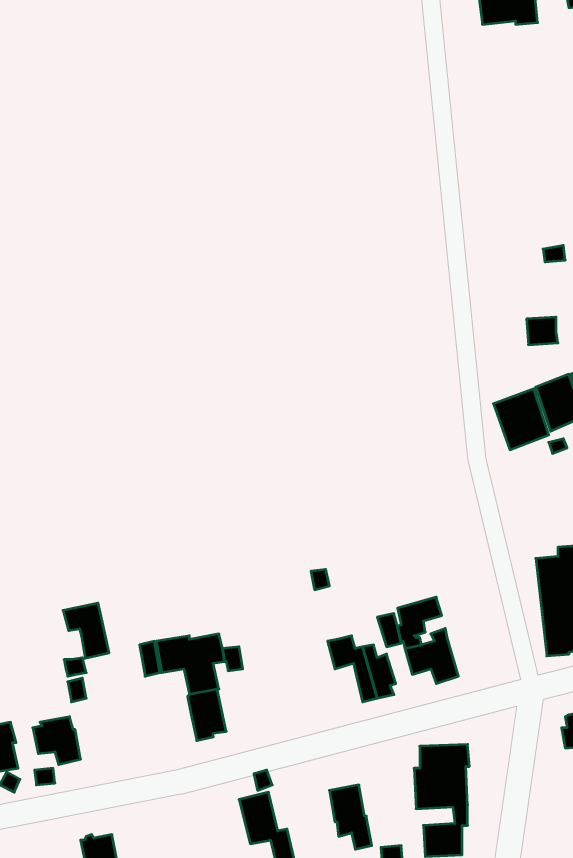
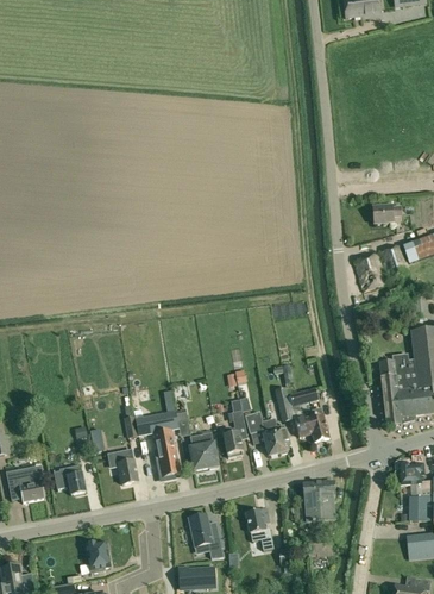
building: [63,603,109,658] -> [108,449,138,484]
building: none -> [222,399,245,454]
building: none -> [190,433,218,470]

